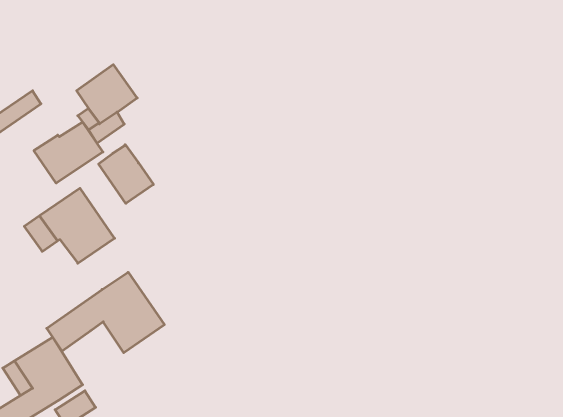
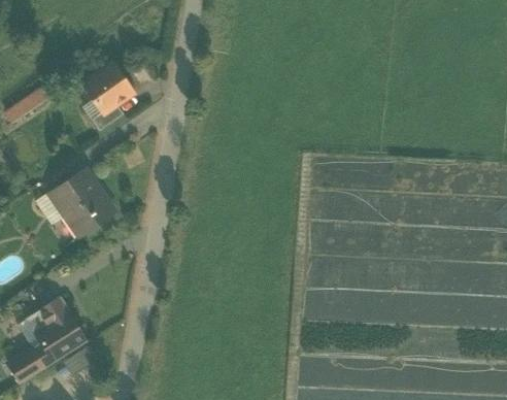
building: [34,122,103,183] -> none
building: [99,145,153,203] -> none
building: [47,272,164,353] -> none

